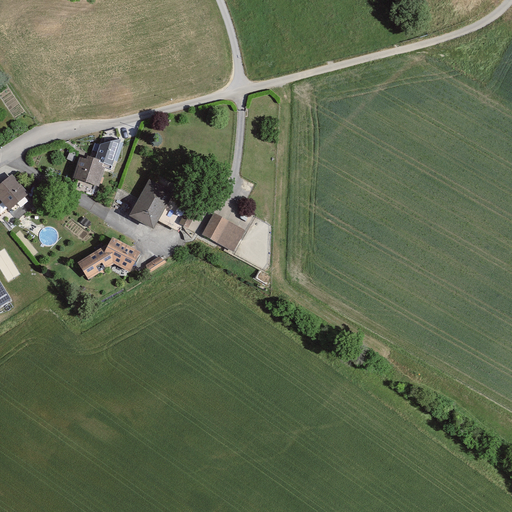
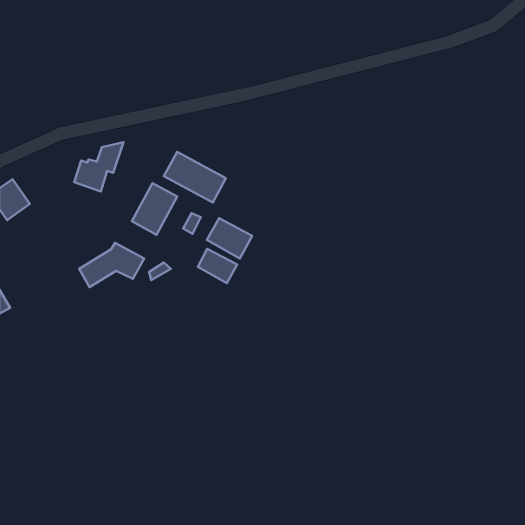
building: none -> [164,152,226,202]
building: none -> [198,249,237,283]

